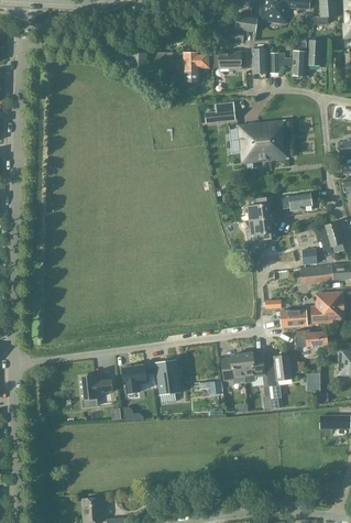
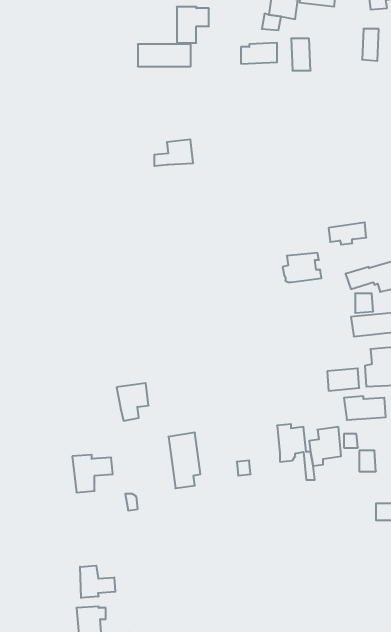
building: [270,41,307,78] -> none
building: [185,52,210,80] -> [177,7,209,43]
building: [206,101,237,122] -> [154,139,193,166]
building: [239,120,289,162] -> none
building: [244,196,274,219] -> none
building: [223,353,244,384] -> none
building: [122,363,147,393] -> [117,383,149,421]
building: none -> [80,566,115,598]

